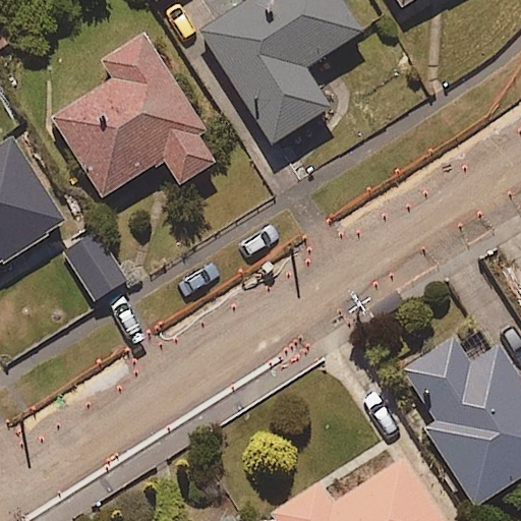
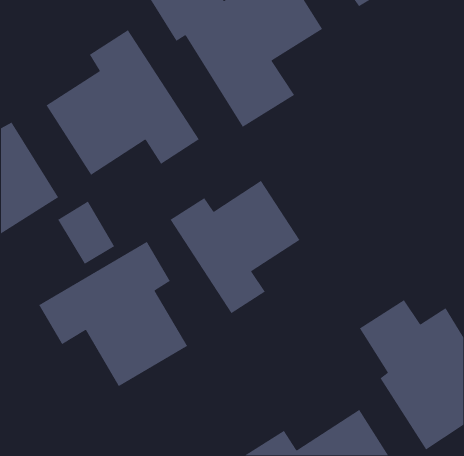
building: none -> [170,180,301,314]
building: none -> [38,241,188,387]

